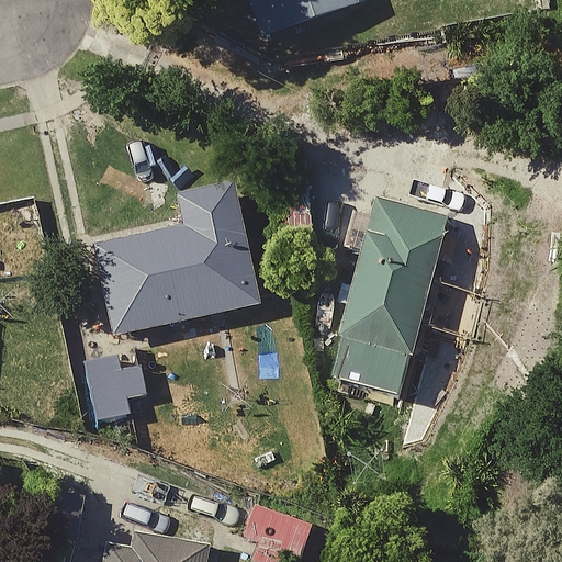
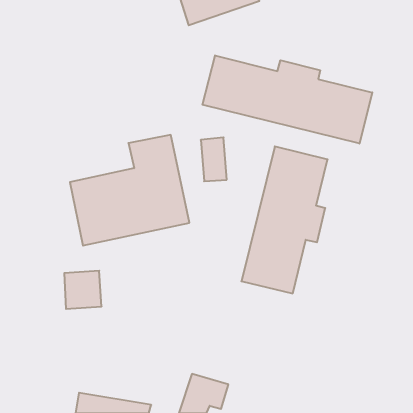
building: none -> [202,55,372,144]

